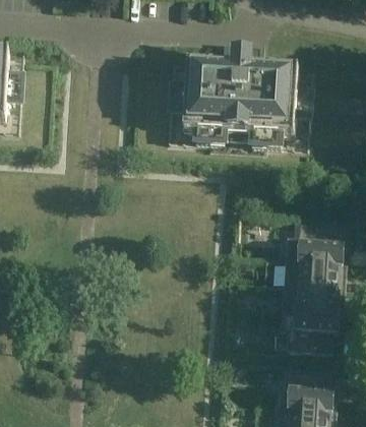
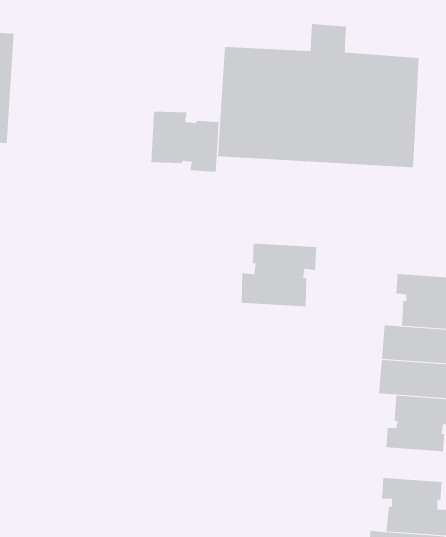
building: none -> [151,111,219,173]
building: none -> [241,243,317,307]

